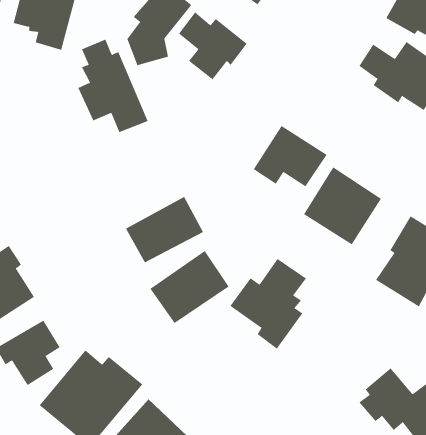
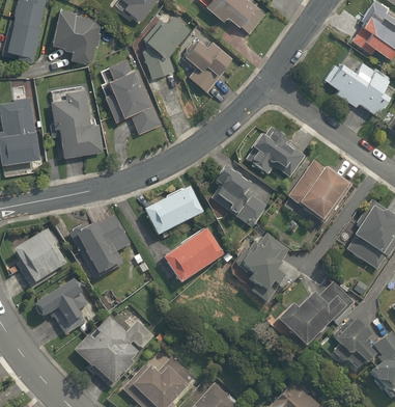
building: none -> [47,83,103,158]
building: none -> [207,165,270,227]
building: none -> [69,214,129,282]
building: none -> [275,281,351,350]

